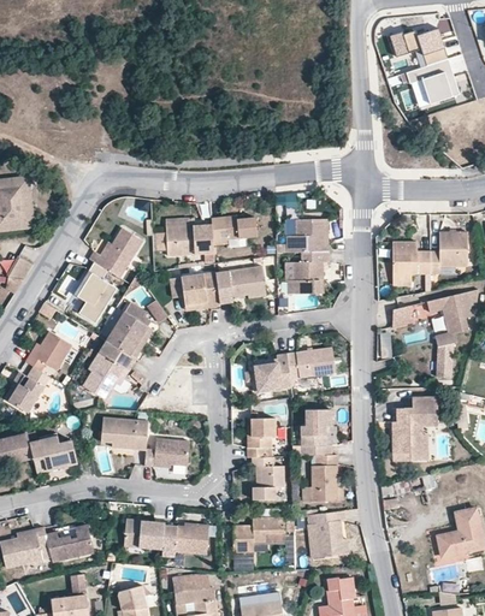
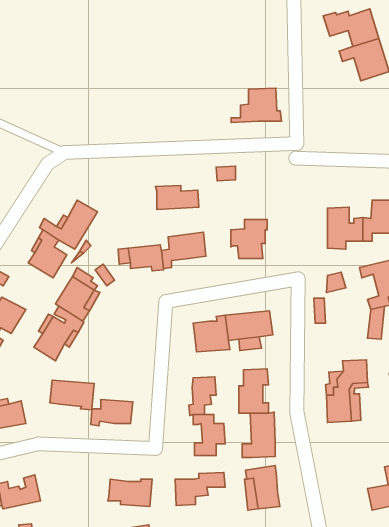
building: [277,215,330,251] -> [231,88,281,122]
building: [166,221,207,251] -> none
building: [124,520,164,550] -> none

